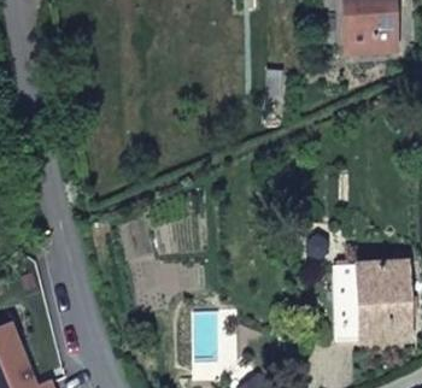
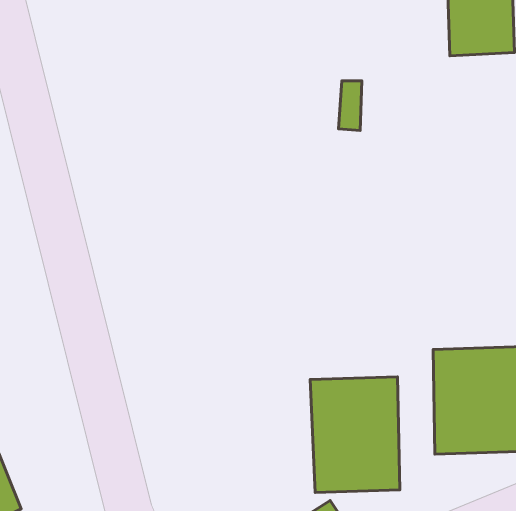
building: none -> [310,377,400,492]

